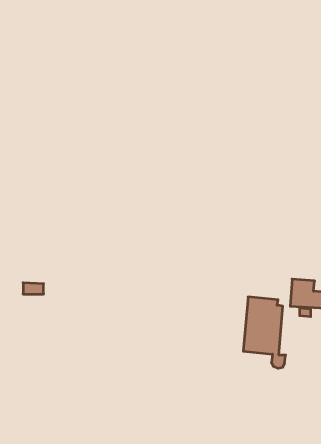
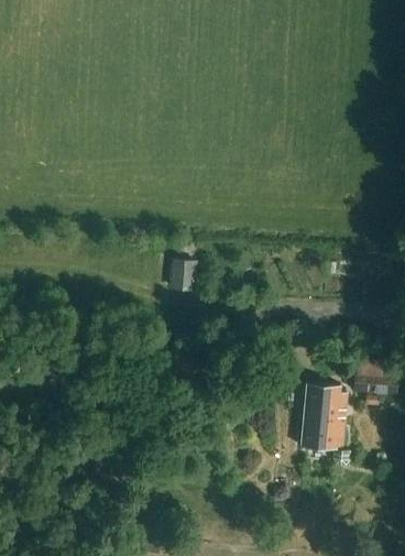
building: none -> [169,261,197,293]

